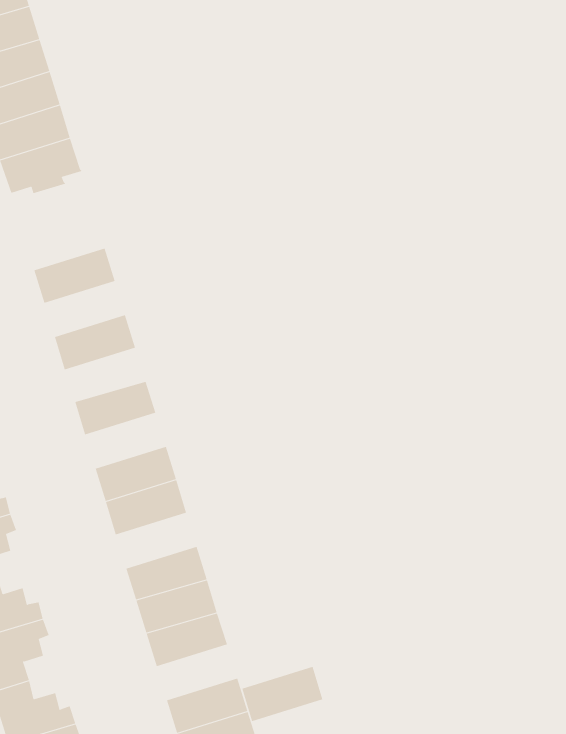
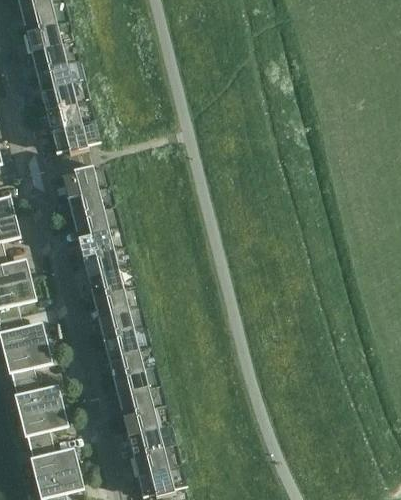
building: none -> [62,166,110,199]
building: none -> [72,208,120,239]
building: none -> [82,248,130,278]
building: none -> [92,287,140,318]
building: none -> [107,347,155,378]
building: [241,666,323,722] -> [127,426,175,457]

